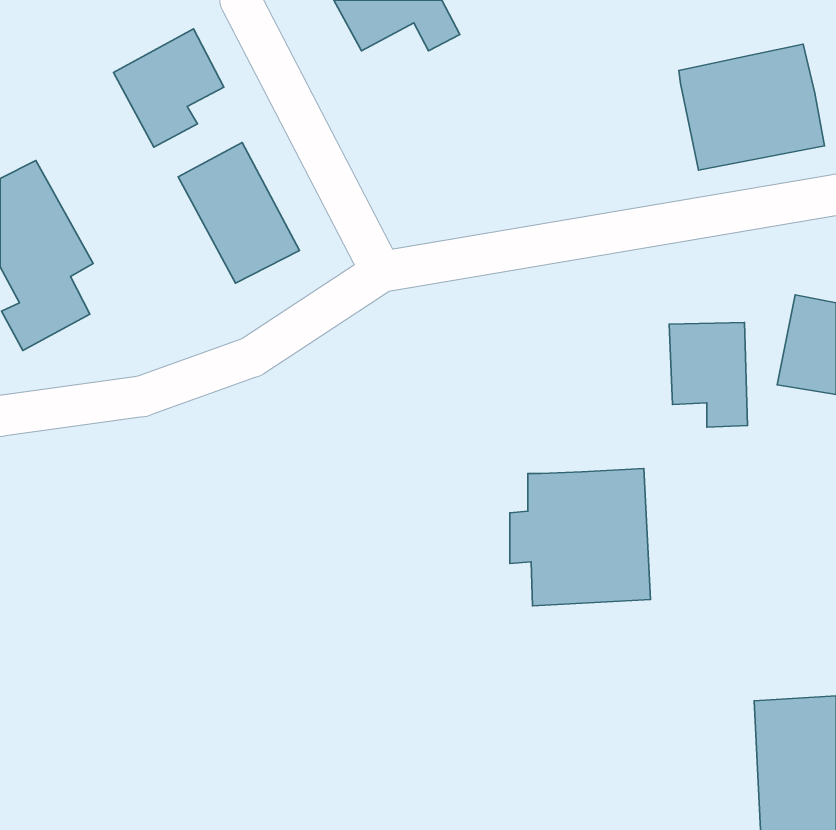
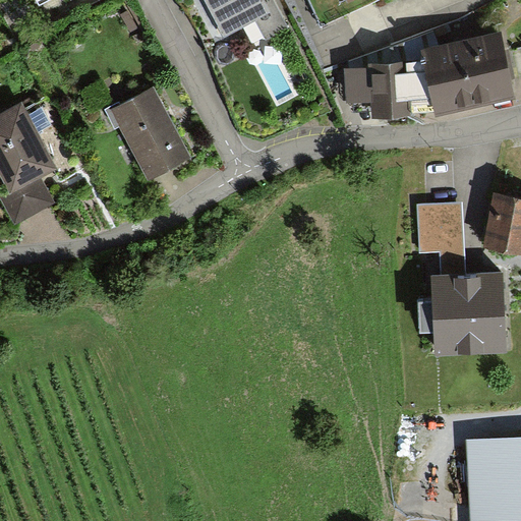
building: [114,29,224,147] -> none
building: none -> [347,56,435,112]
building: [510,468,650,606] -> [420,267,508,352]

